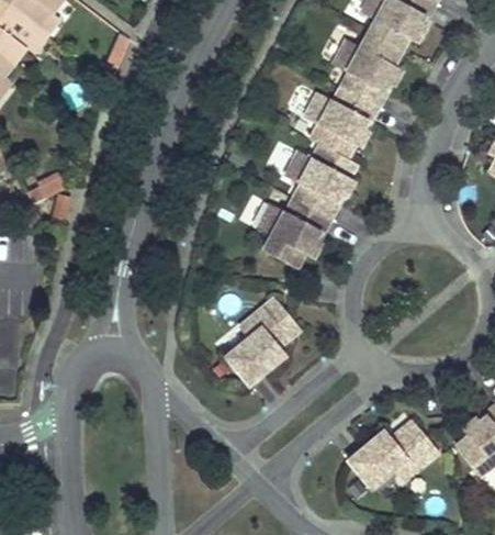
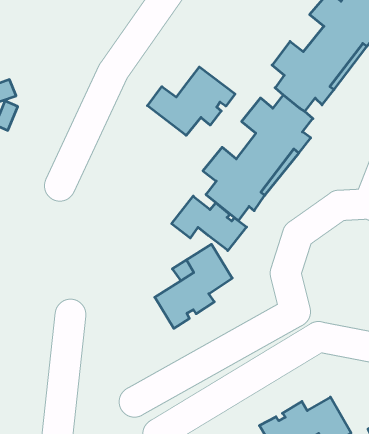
building: none -> [147,67,235,135]
building: none -> [172,196,247,251]

